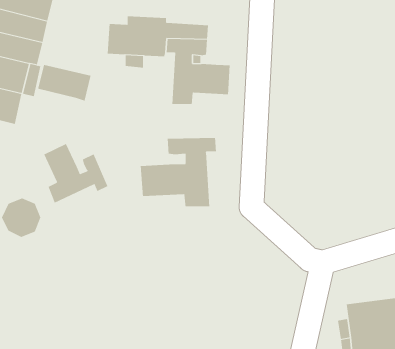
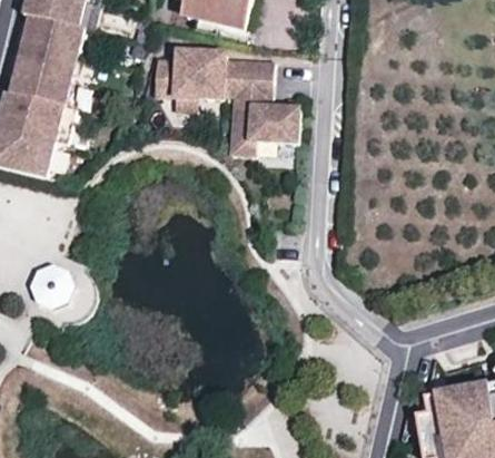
building: [37,64,91,101] -> none
building: [140,137,217,207] -> none
building: [43,143,108,203] -> none

